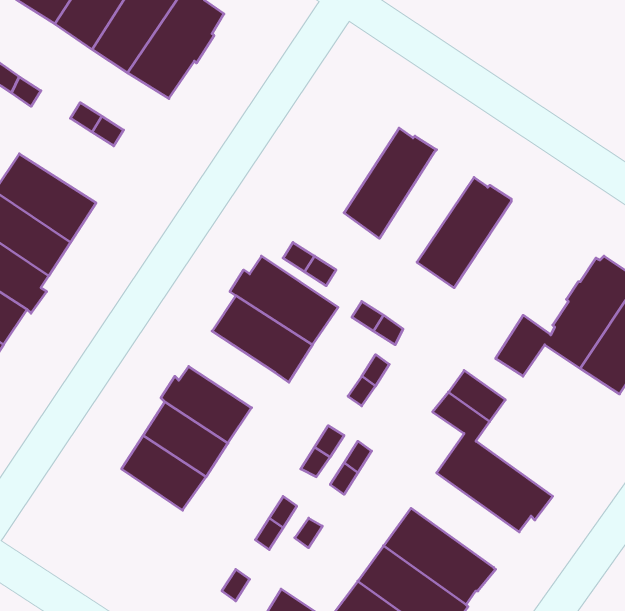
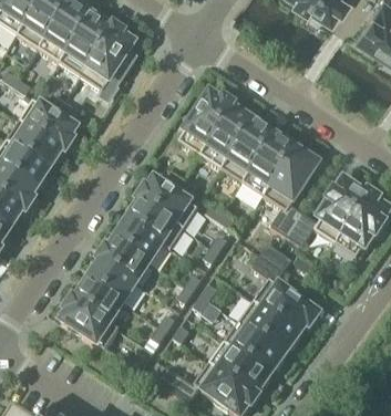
building: none -> [178,93,235,155]
building: none -> [19,100,76,152]
building: none -> [222,121,275,183]
building: none -> [264,148,318,237]
building: none -> [114,221,163,264]
building: none -> [62,298,119,350]
building: none -> [239,301,301,354]

